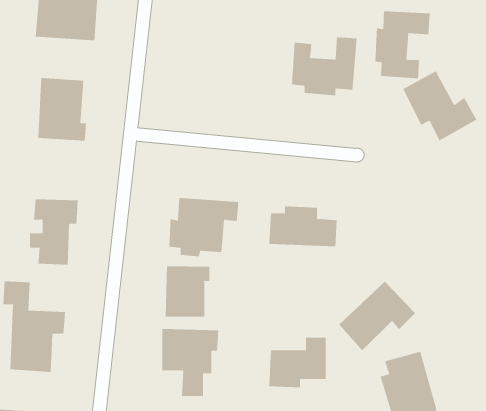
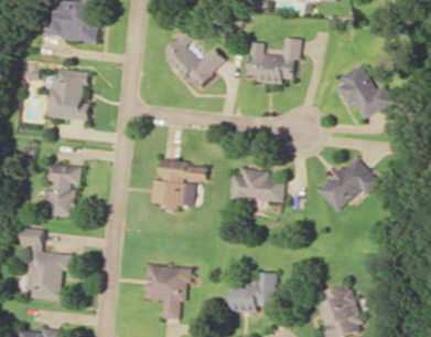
building: [375,11,430,79] -> none
building: none -> [162,31,226,87]
building: [165,266,210,318] -> none
building: [338,281,416,351] -> [317,157,378,212]

